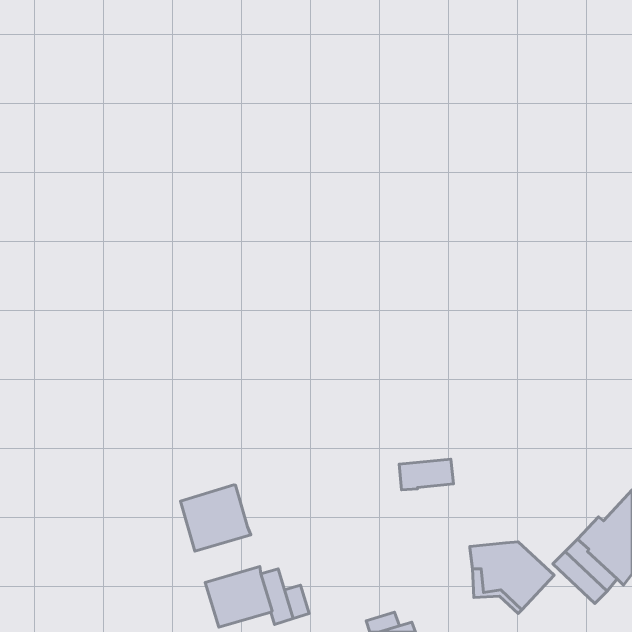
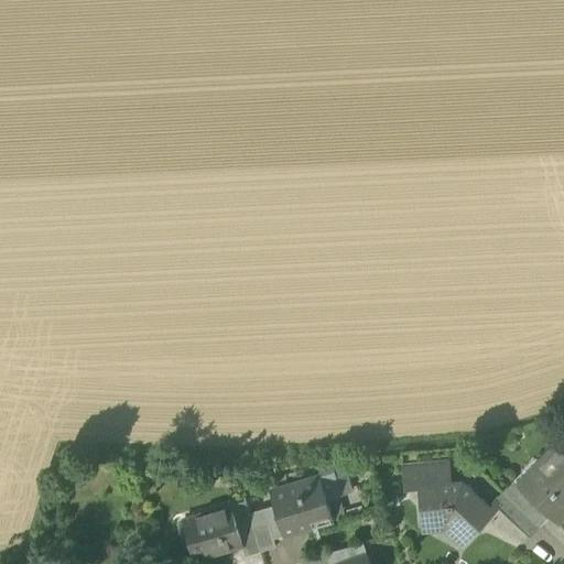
building: [399,459,453,490] -> [402,462,451,489]
building: [180,485,251,551] -> none
building: none -> [270,476,333,532]

